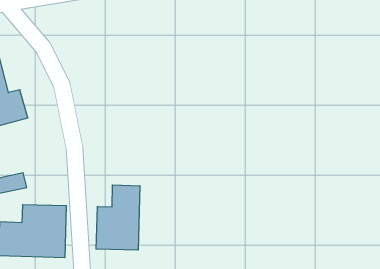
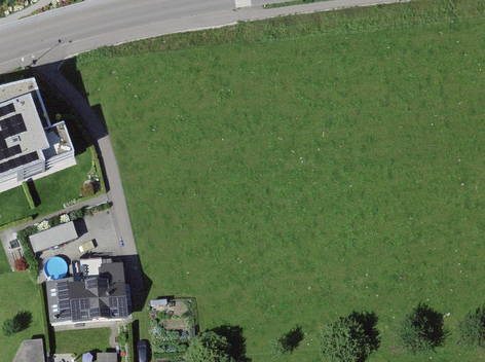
building: [96,185,140,250] -> none

